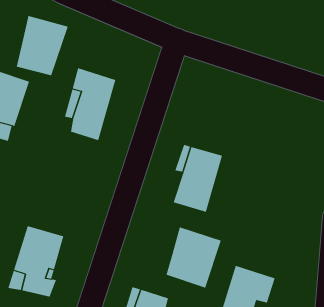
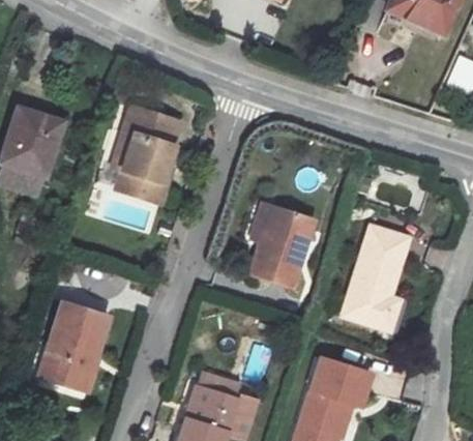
building: [16,15,68,76] -> none
building: none -> [345,226,410,326]
building: [166,226,222,288] -> none

